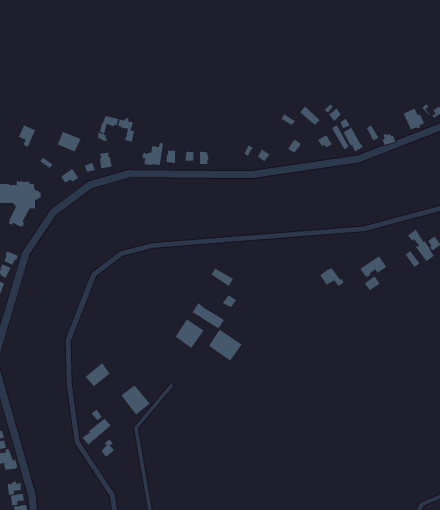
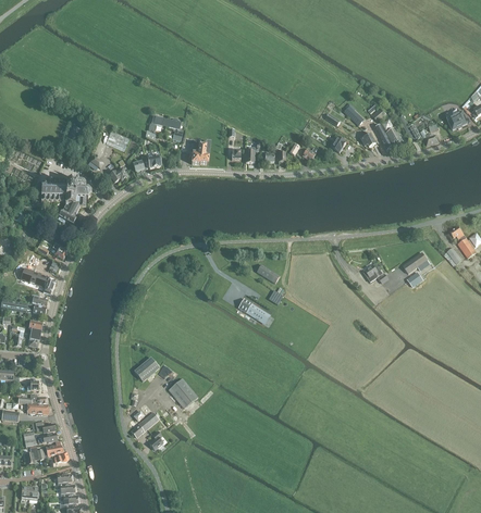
building: [175,318,205,349] -> none
building: [208,329,243,361] -> none

